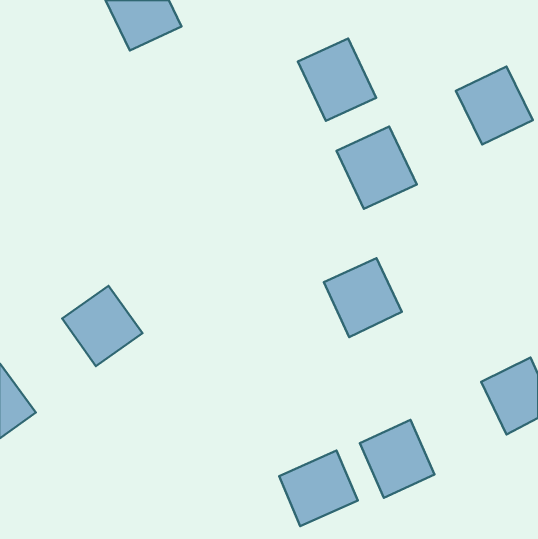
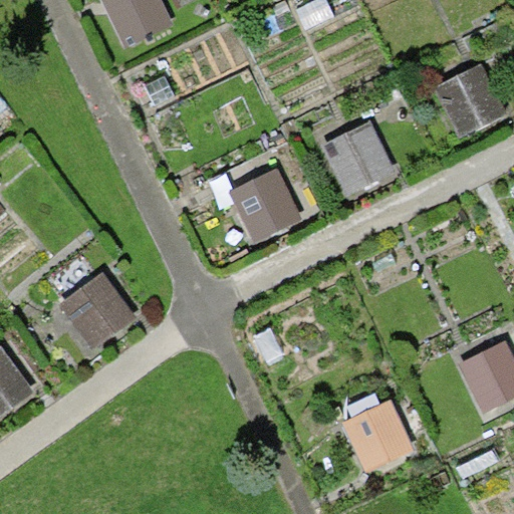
building: [298,39,376,121] -> none
building: [324,258,402,337] -> [227,168,301,243]
building: [279,451,358,526] -> none

